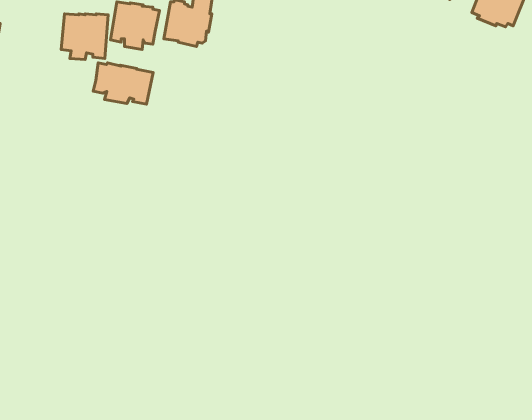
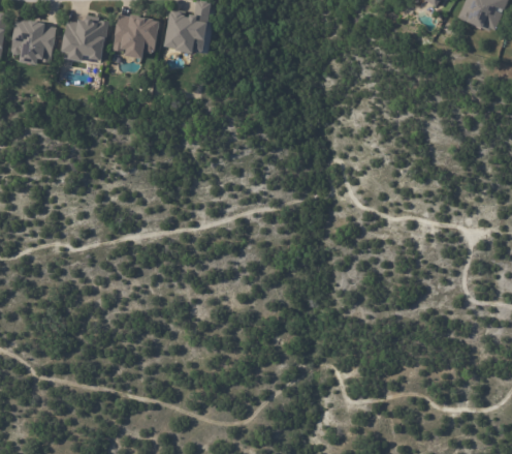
building: none -> [13,22,59,67]
building: [93,63,153,104] -> none

